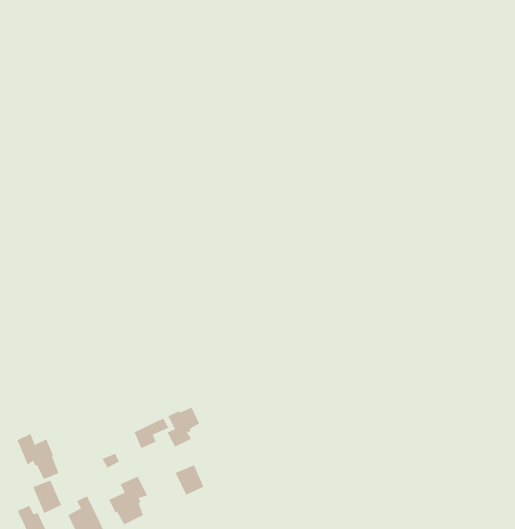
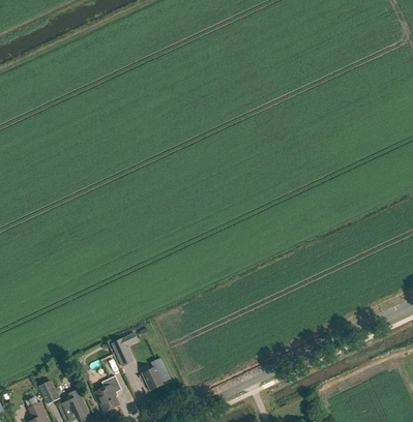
building: [167,407,200,447] -> none
building: [17,433,59,480] -> none

